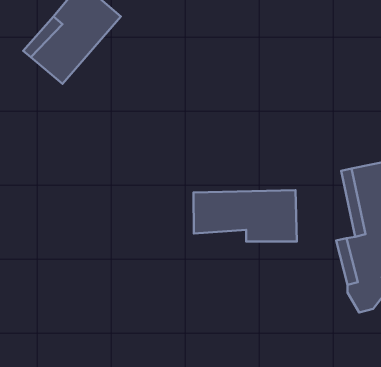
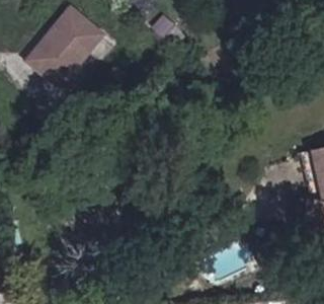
building: [194,190,297,242] -> none

